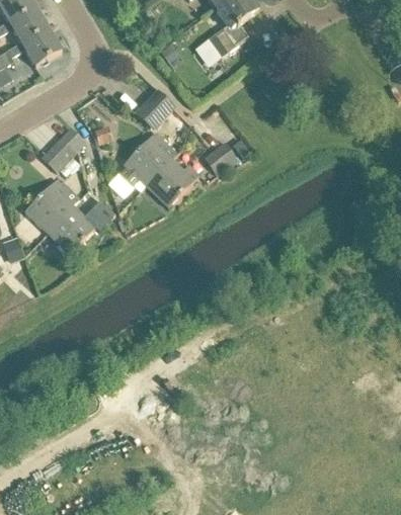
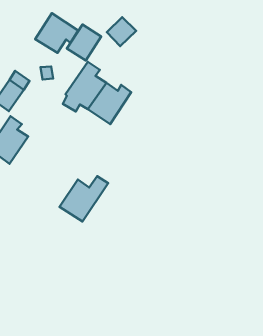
building: none -> [35,13,78,53]
building: [205,144,238,176] -> [107,17,136,46]
building: [47,204,106,253] -> [59,176,108,222]

